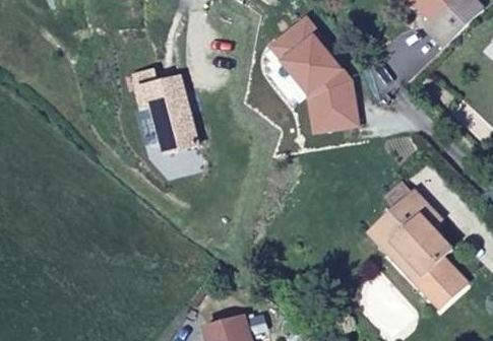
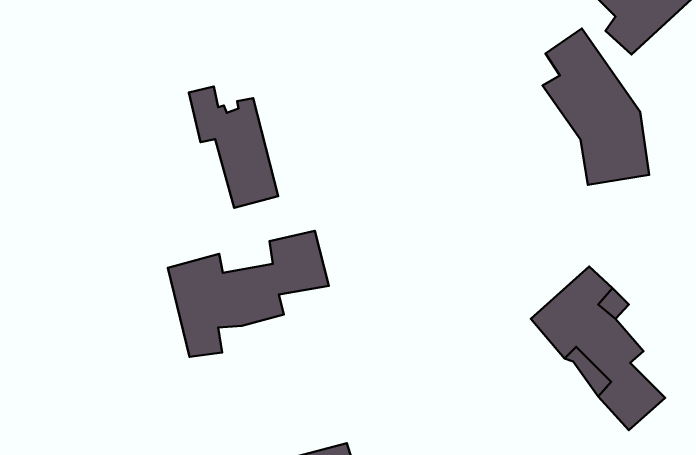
building: [282,20,356,129] -> [542,29,649,185]
building: none -> [168,231,329,357]

